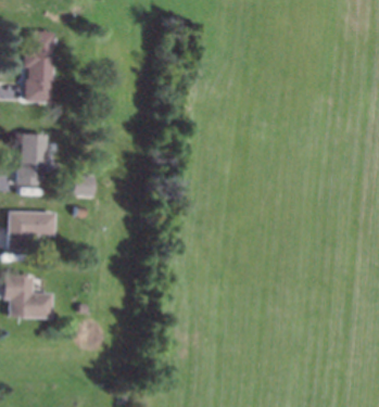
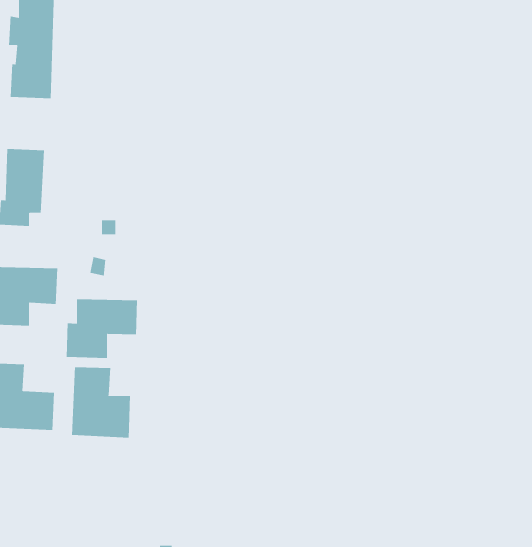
building: none -> [66,299,138,359]
building: none -> [71,366,131,439]

